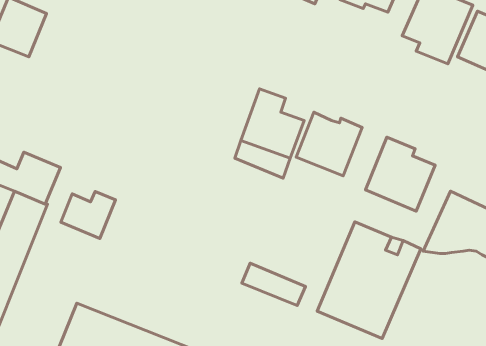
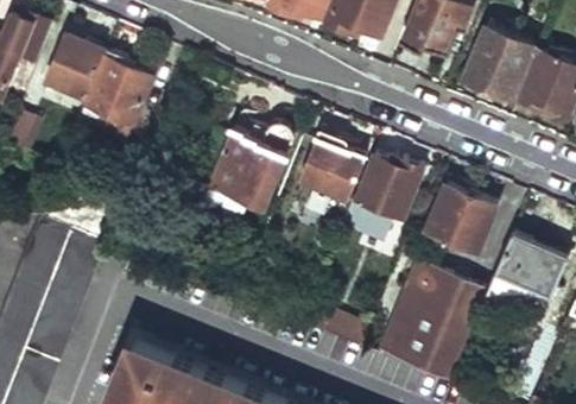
building: none -> [84,55,153,127]
building: none -> [209,120,290,206]
building: [61,191,116,238] -> none

